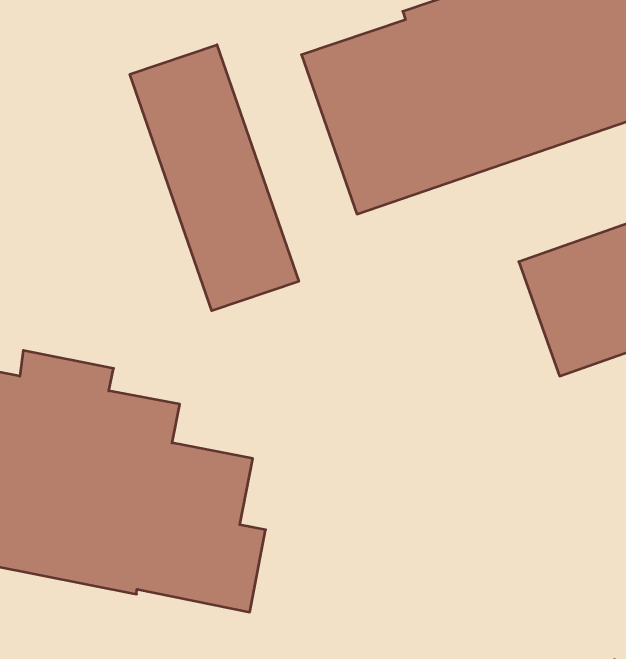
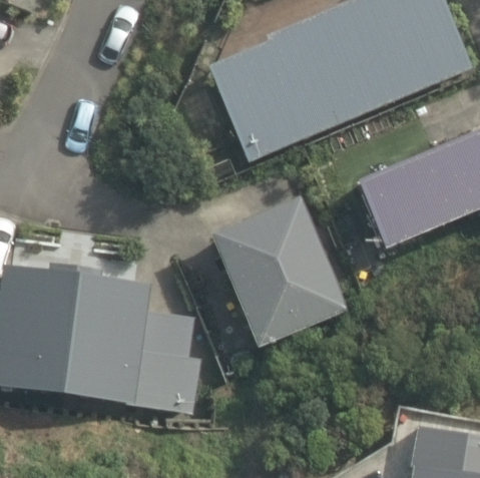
building: [130,45,299,311] -> none
building: none -> [204,195,345,349]

